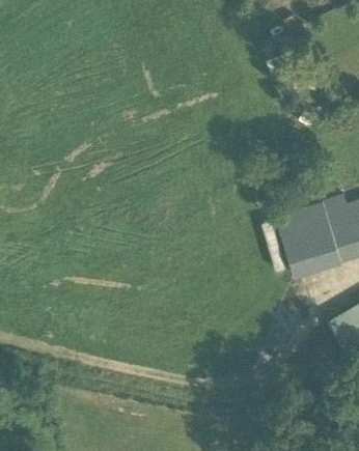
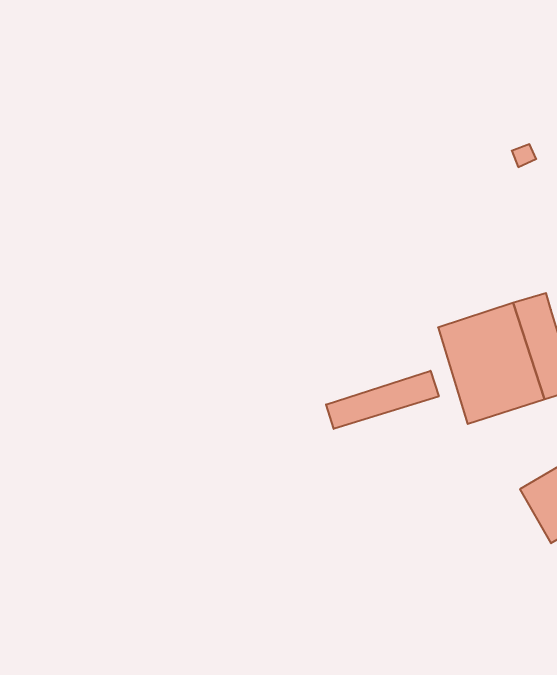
building: none -> [326,371,439,429]

